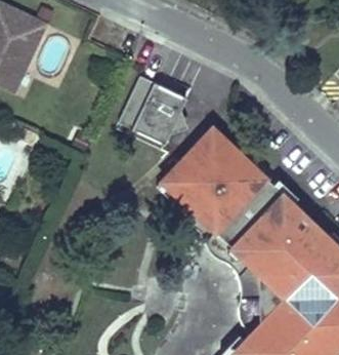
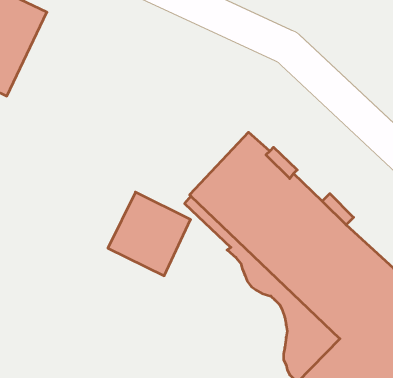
building: [121,77,188,146] -> [108,192,191,276]

